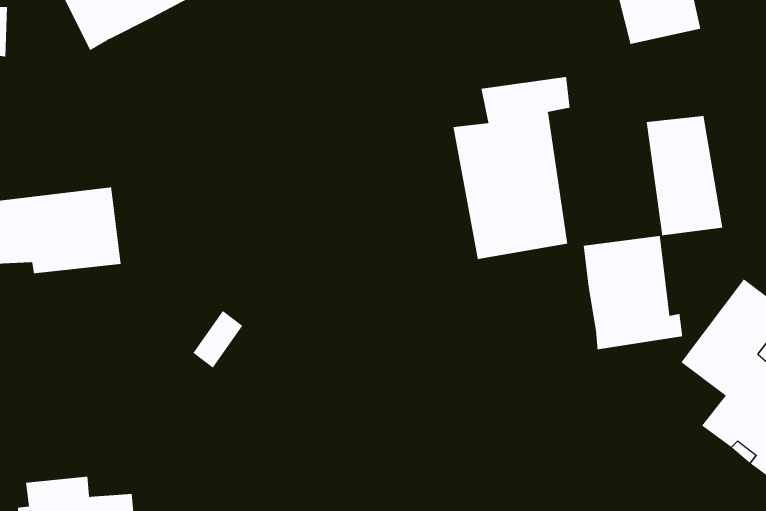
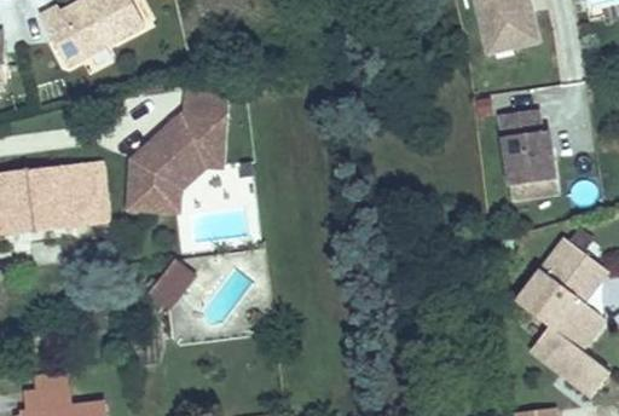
building: [453,76,570,260] -> none
building: none -> [122,88,226,216]
building: [583,235,683,350] -> none

